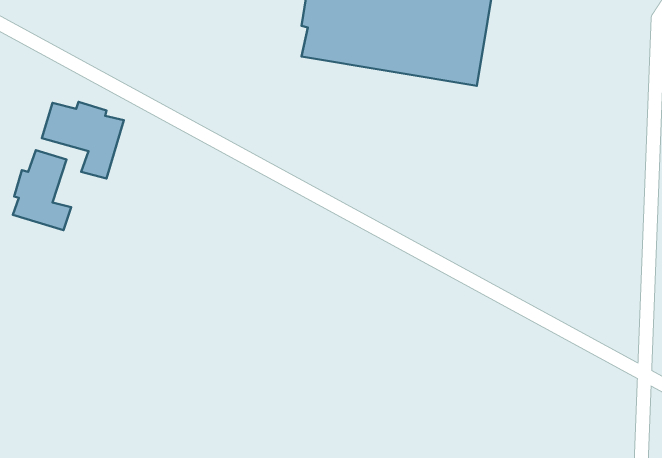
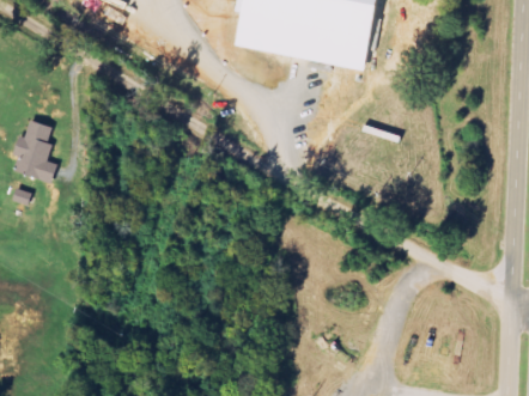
building: [42,102,124,178] -> none

